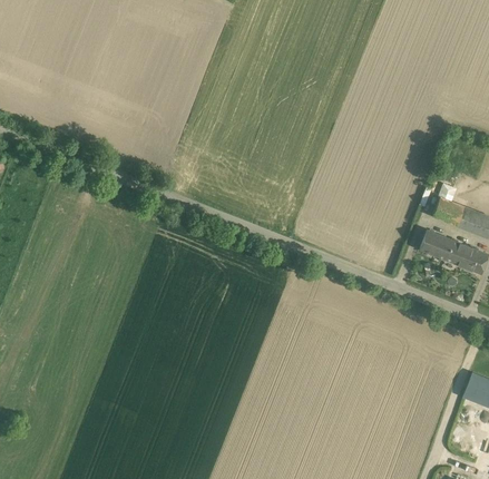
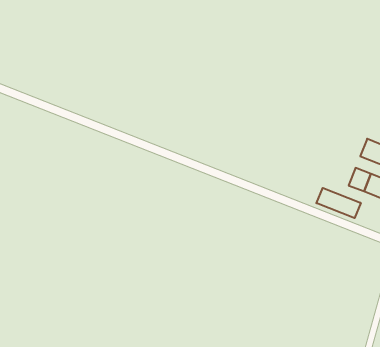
building: none -> [316,188,361,218]

